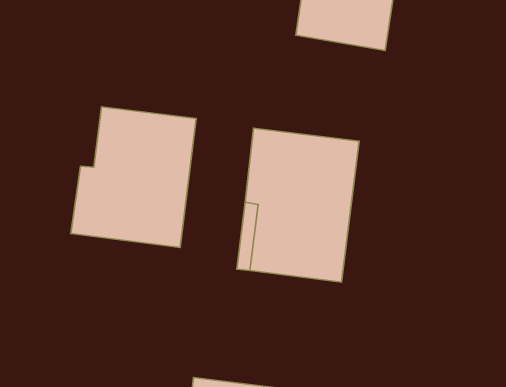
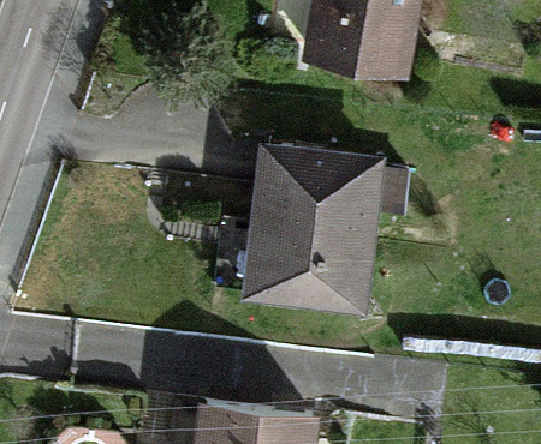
building: [71,107,196,248] -> none

